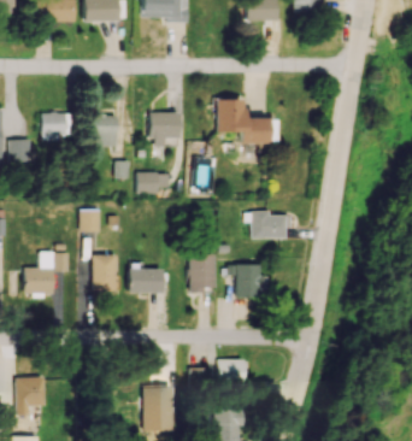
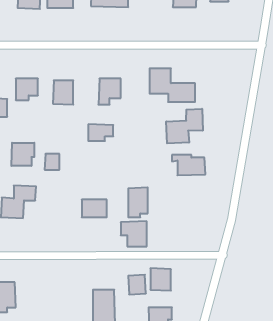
building: none -> [166,109,203,143]
building: none -> [11,143,34,166]
building: [93,255,117,290] -> none
building: [229,264,263,296] -> [121,221,147,246]

